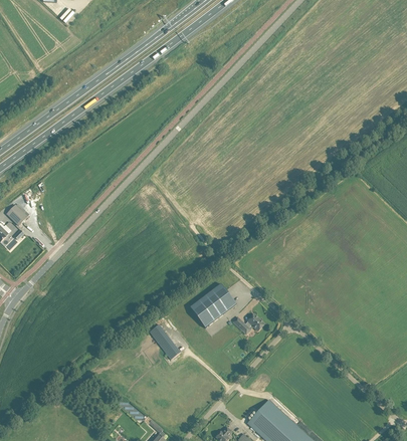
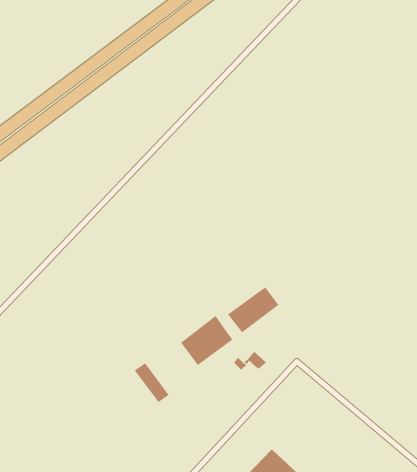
building: none -> [227,286,279,333]

